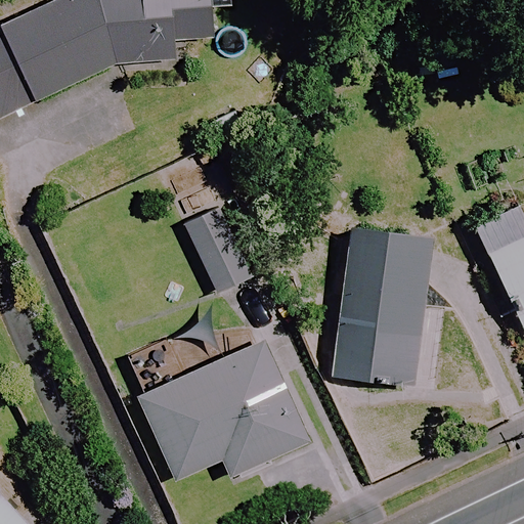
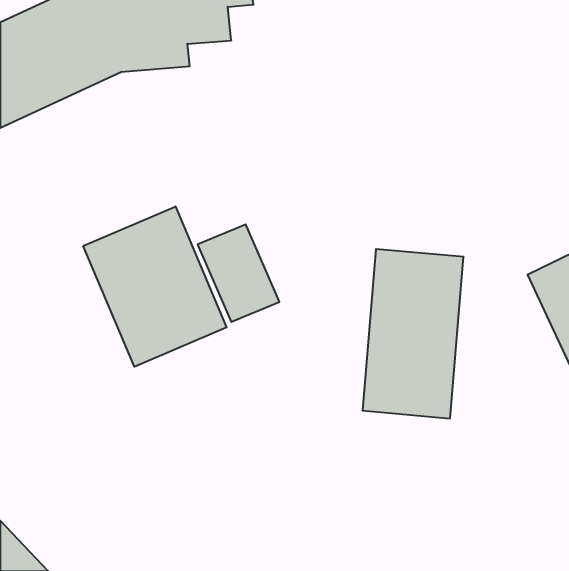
building: none -> [83,206,227,367]
building: [136,339,314,480] -> none

